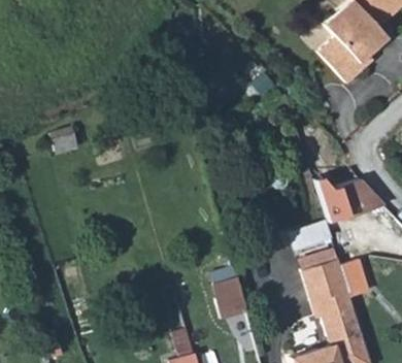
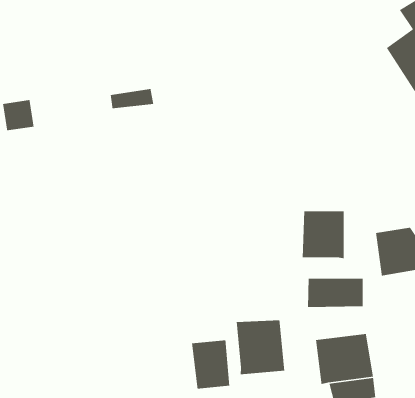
building: none -> [302,211,345,259]
building: none -> [236,320,285,375]

